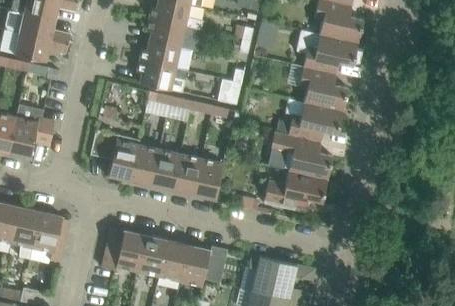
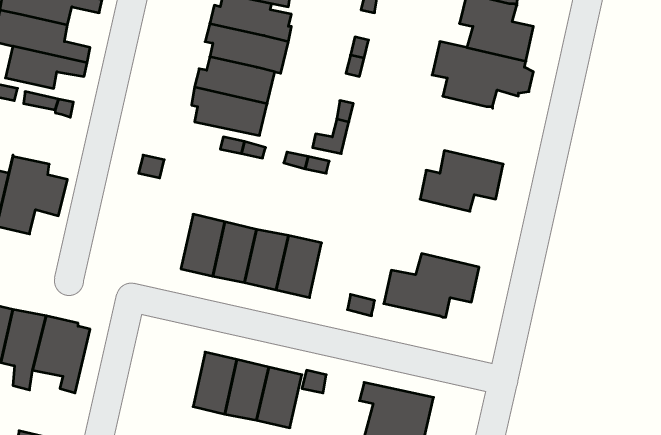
building: [298,66,347,111] -> none
building: [89,130,137,180] -> none
building: [266,131,332,179] -> none
building: [101,228,145,271] -> none

